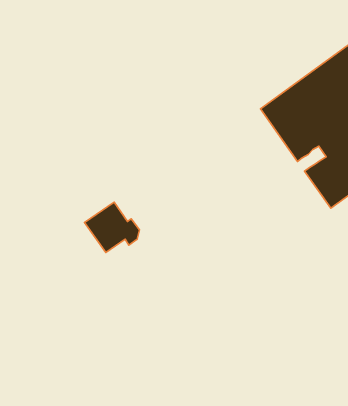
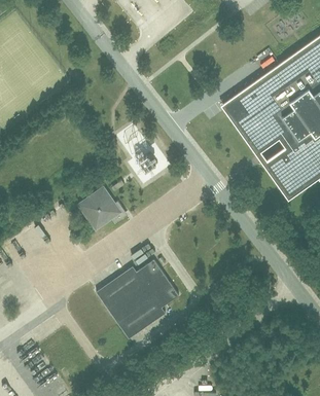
building: none -> [96,260,179,339]

